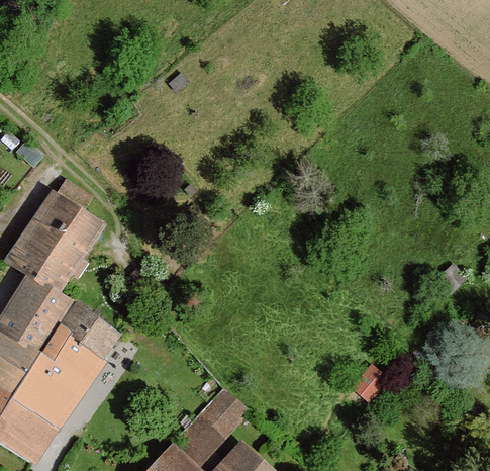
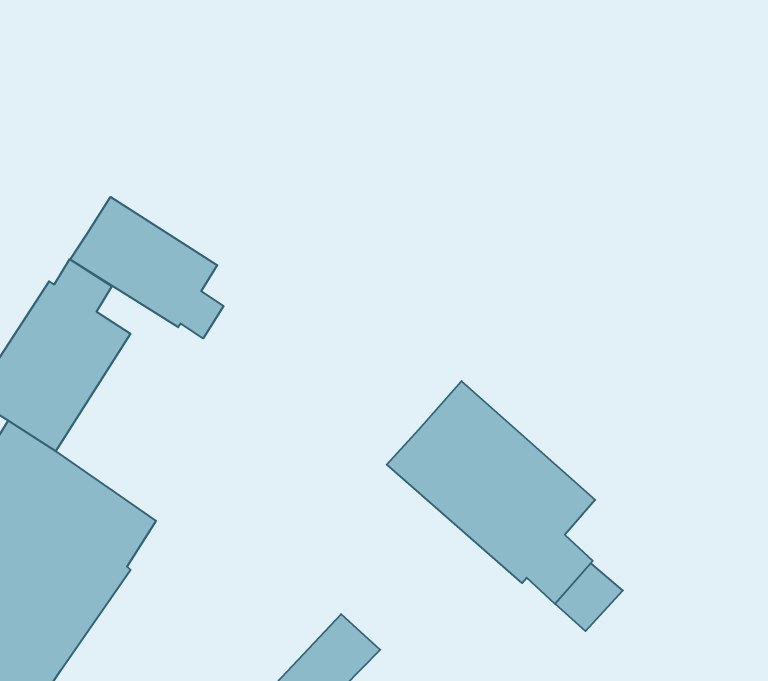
building: none -> [70,197,224,338]
building: none -> [387,381,595,604]

